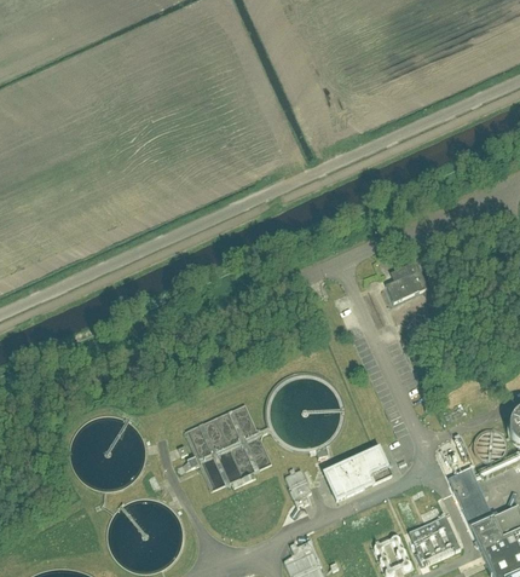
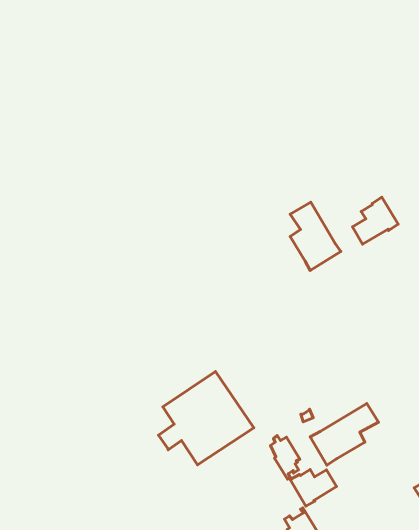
building: none -> [290,202,341,270]
building: none -> [290,469,337,506]

